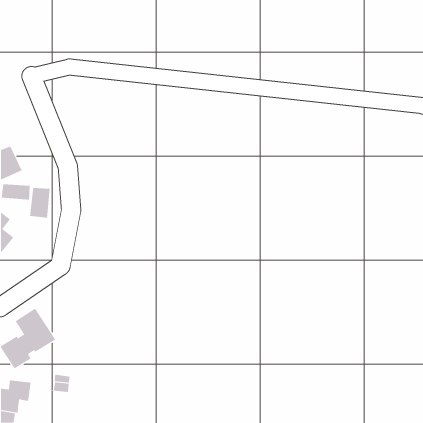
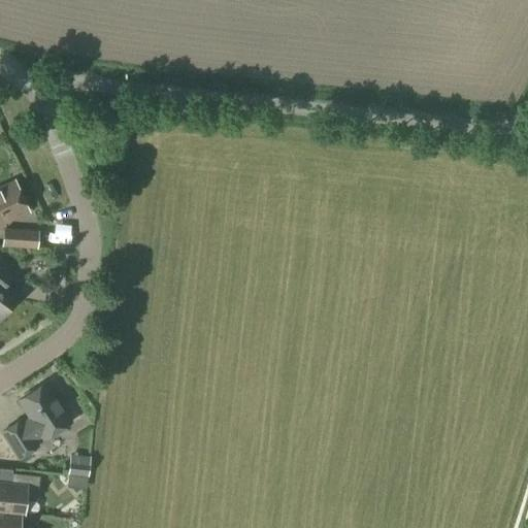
building: [29,187,50,219] -> none

